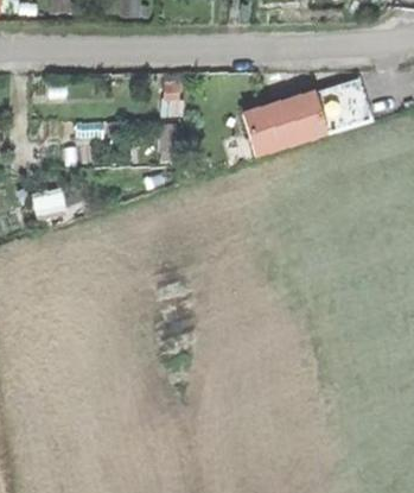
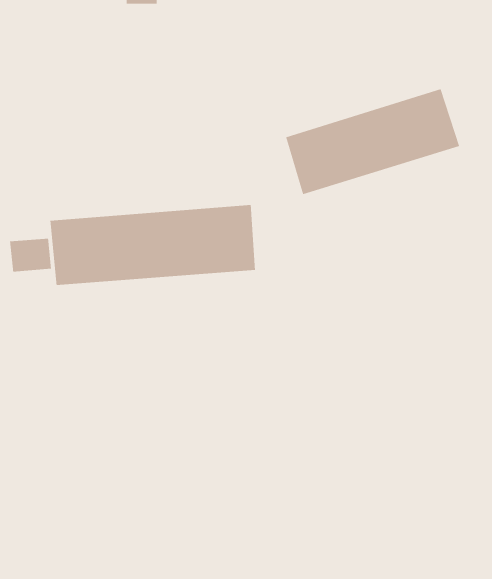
building: none -> [50,204,256,286]

